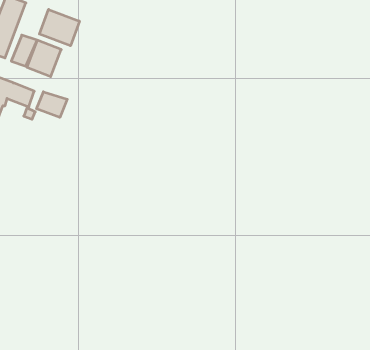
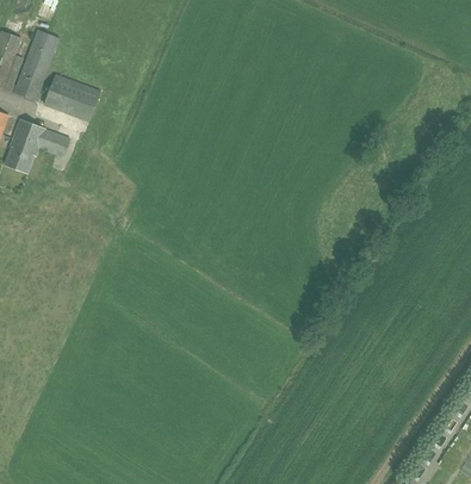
building: [39,9,79,46] -> none
building: [37,92,67,117] -> none

